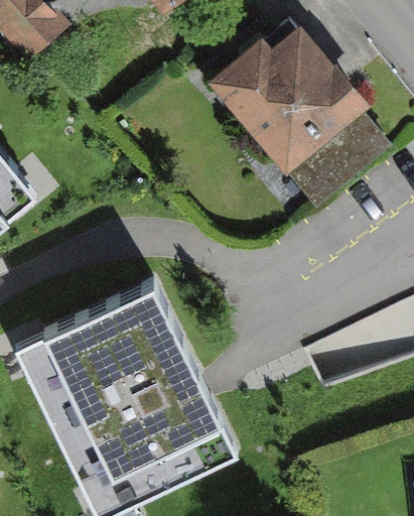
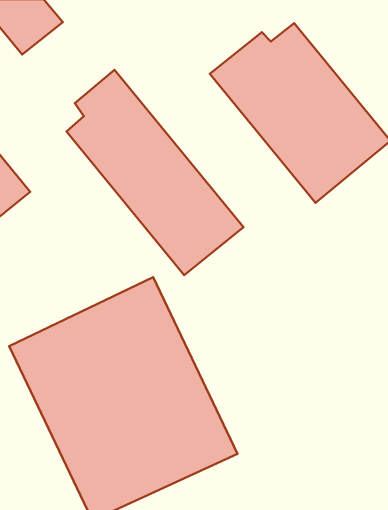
building: none -> [67,70,243,275]

